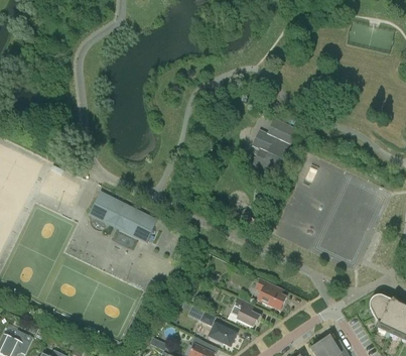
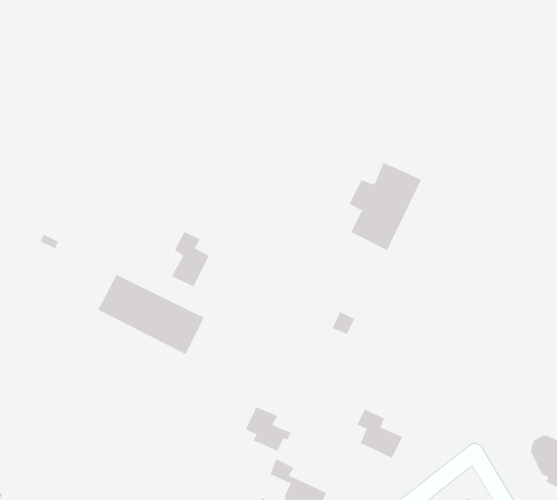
building: none -> [171,231,210,287]
building: [231,298,261,327] -> [245,406,292,451]

